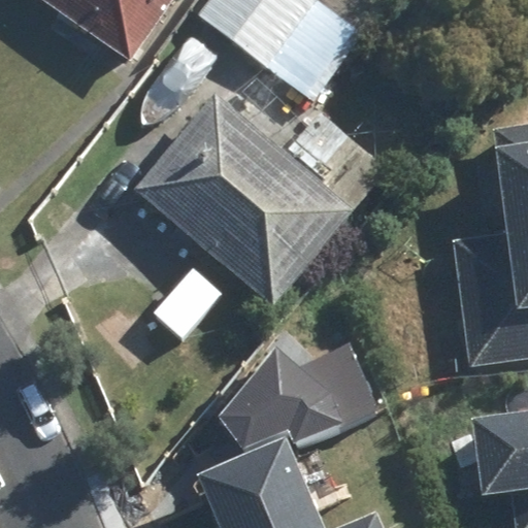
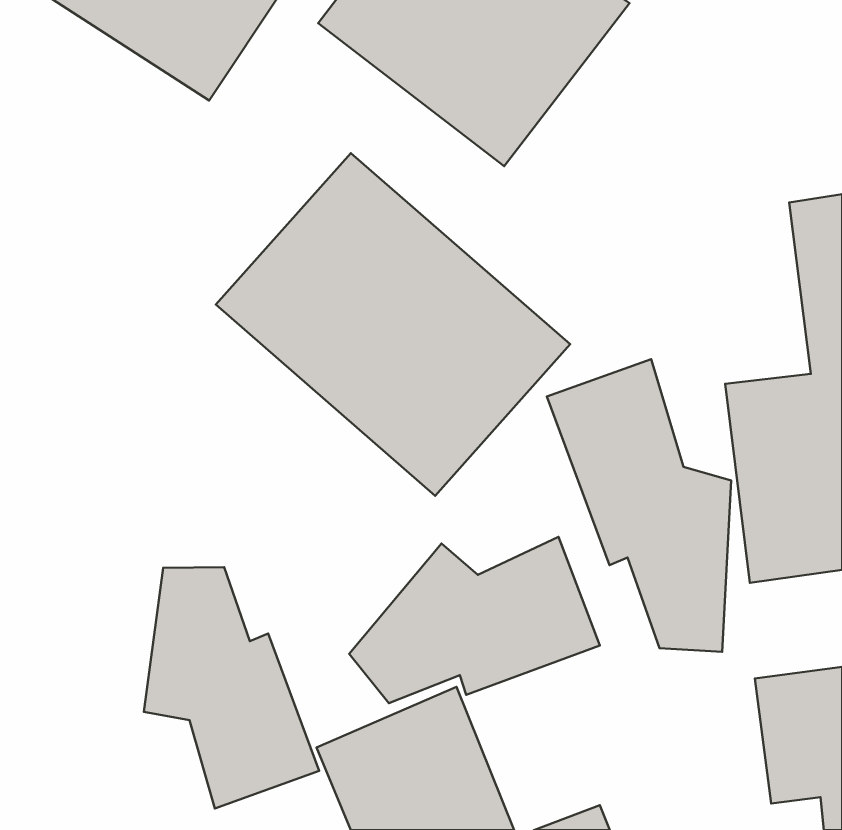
building: none -> [547,359,731,652]
building: none -> [144,567,319,809]

